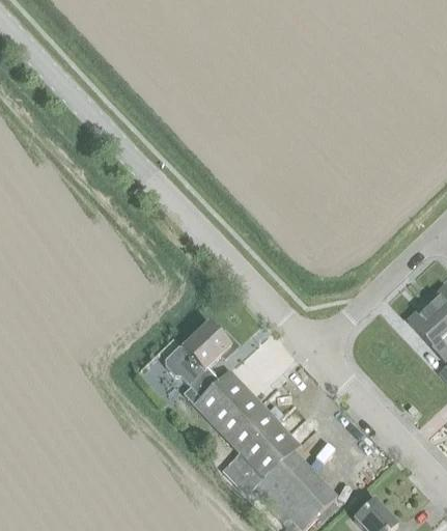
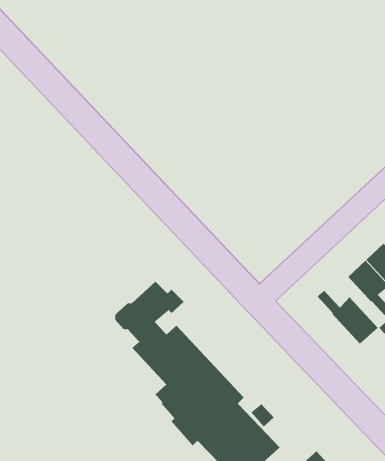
building: none -> [316,290,379,344]

